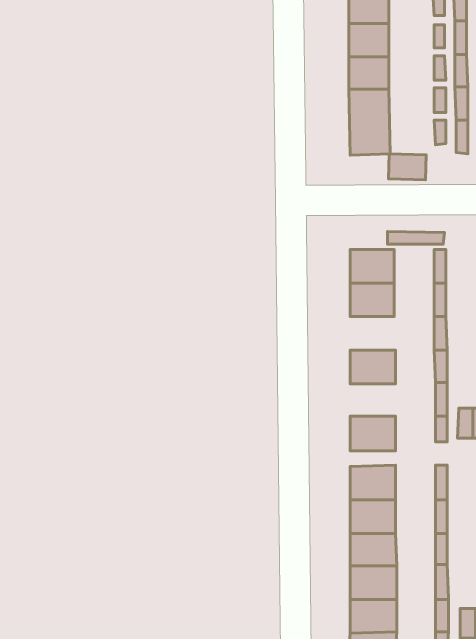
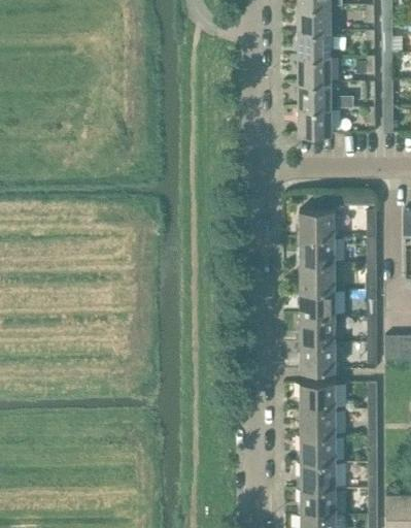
building: [388,154,426,180] -> none
building: none -> [300,264,336,291]
building: none -> [300,317,345,343]

